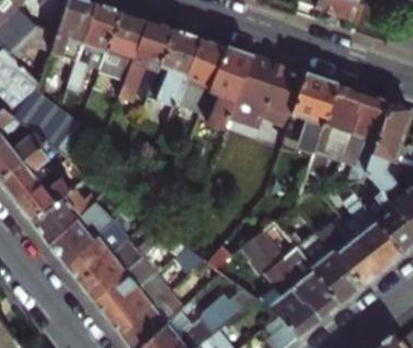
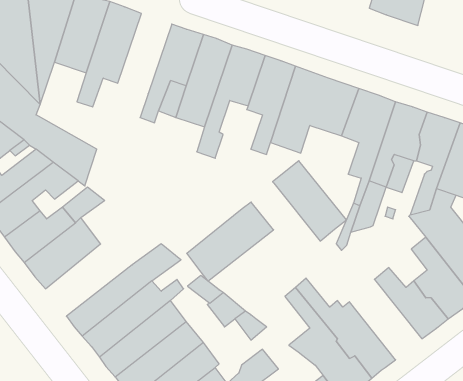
building: [107,12,152,80] -> none
building: [46,200,119,266] -> [187,202,274,281]
building: [300,235,362,303] -> [273,161,346,241]

